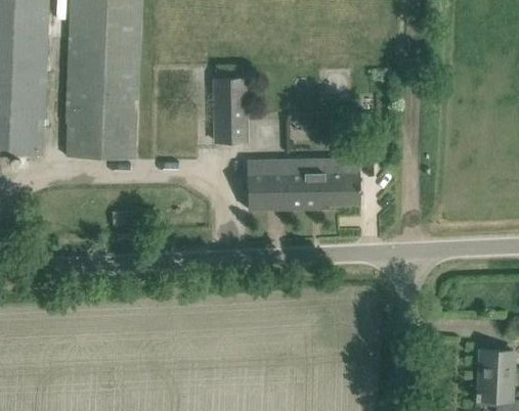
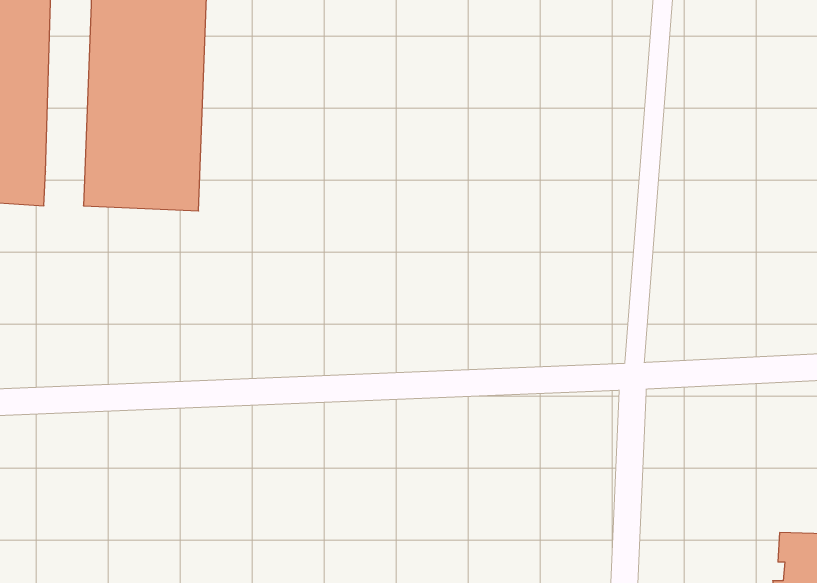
building: [214,79,246,142] -> none
building: [246,159,359,210] -> none

